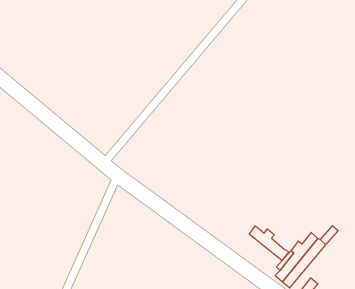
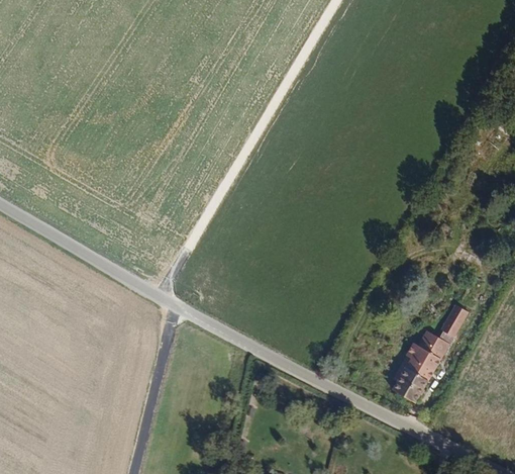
building: [249,226,289,261] -> none

